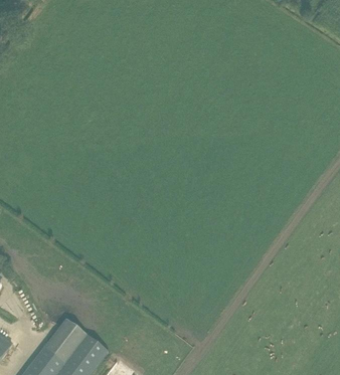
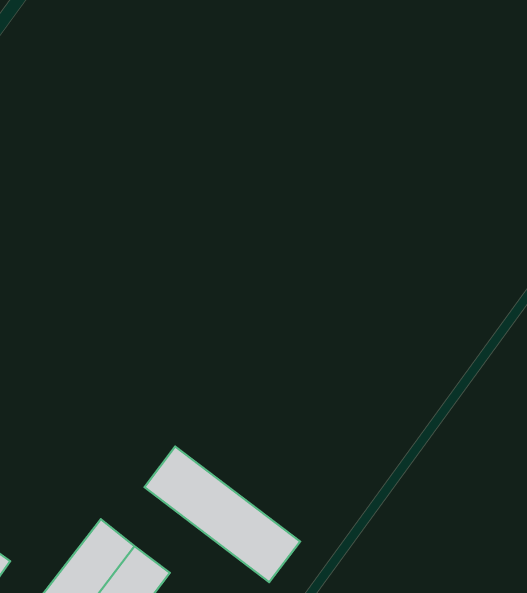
building: none -> [144,446,300,582]

